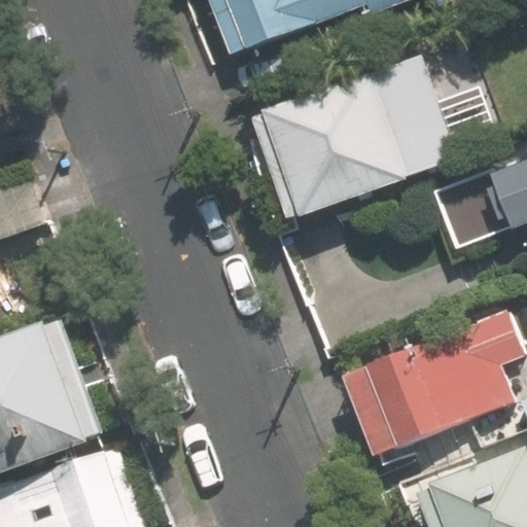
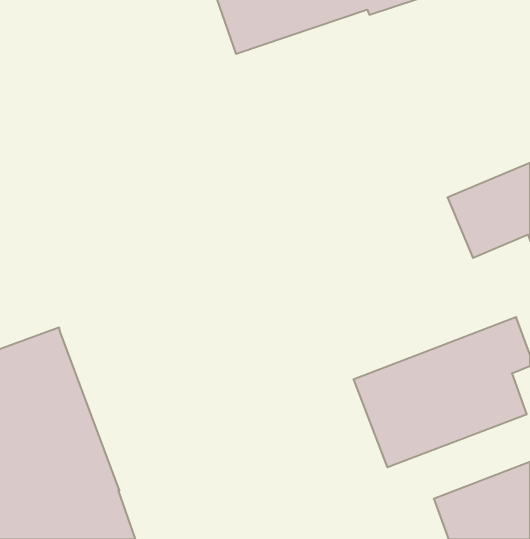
building: [253,54,462,221] -> none

